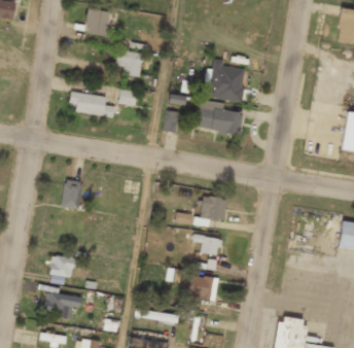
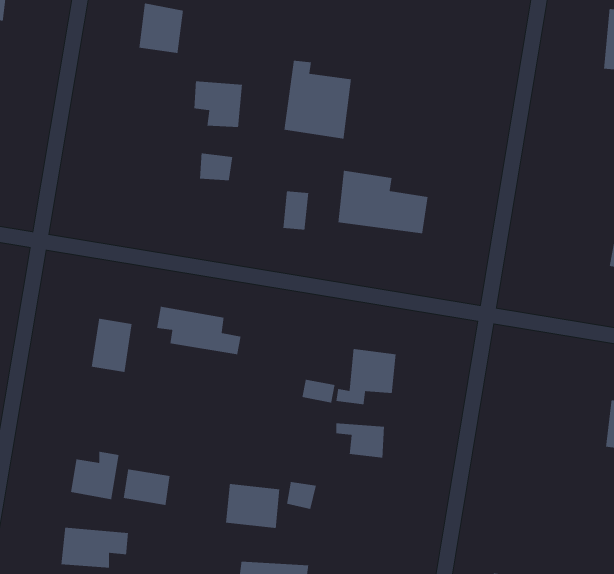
building: [209,58,246,101] -> [284,60,352,140]
building: [69,90,115,116] -> [156,306,242,355]
building: none -> [123,468,171,506]
building: [188,274,218,299] -> [225,483,280,529]

